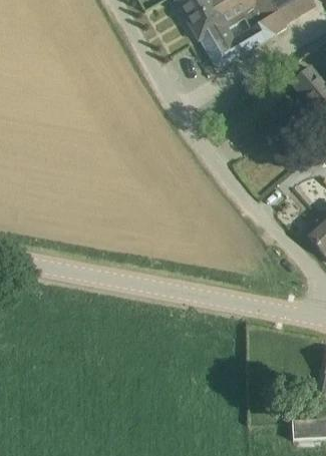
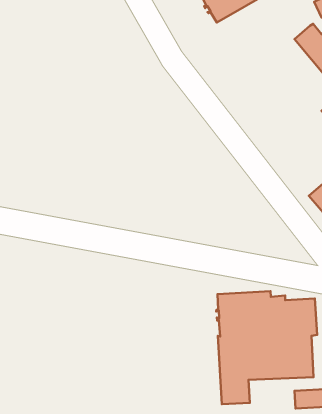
building: none -> [216,291,317,404]

